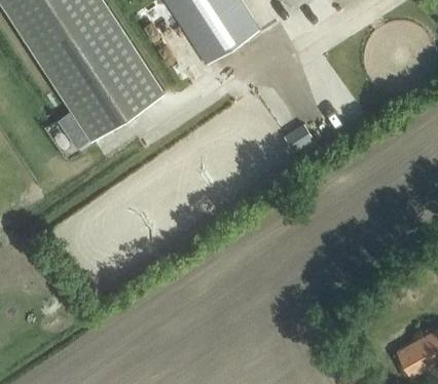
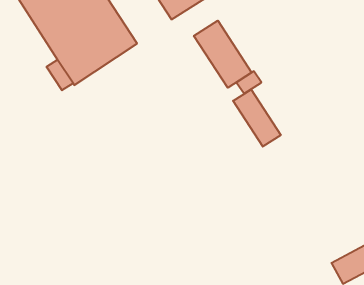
building: none -> [194,21,252,88]
building: none -> [233,89,281,147]

